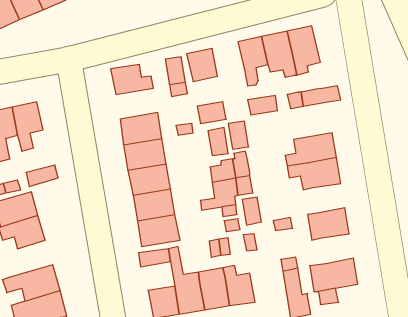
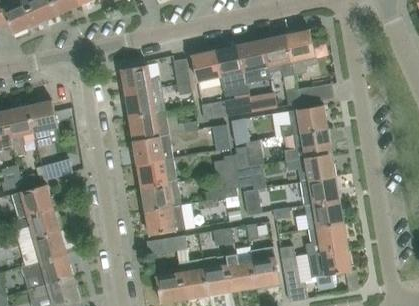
building: none -> [215,44,248,91]
building: none -> [125,87,164,116]
building: none -> [279,105,327,136]
building: none -> [300,176,339,205]
building: none -> [304,223,347,253]
building: none -> [21,229,66,264]
building: none -> [249,246,279,287]

